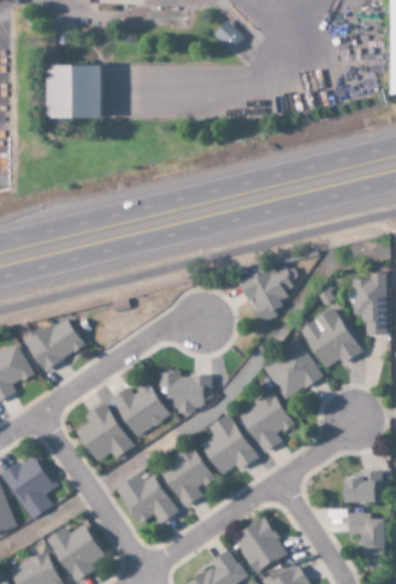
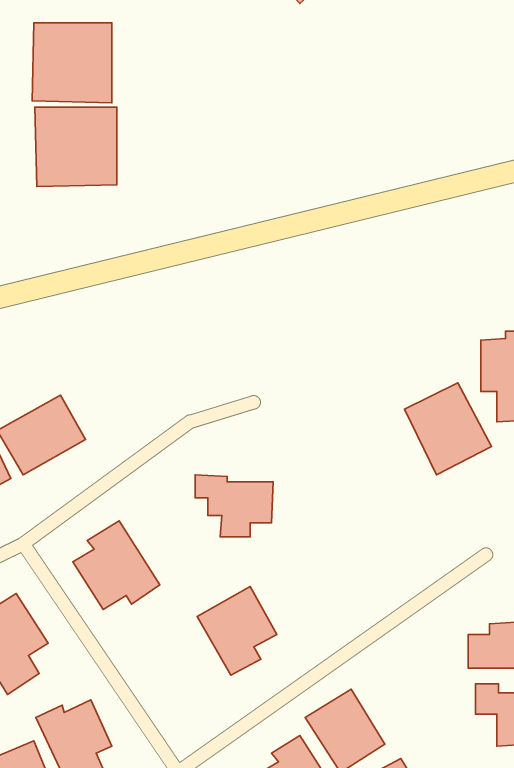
building: none -> [35,107,117,187]
building: [243,262,300,323] -> none
building: [261,340,323,400] -> none
building: [111,382,171,437] -> none
building: [240,393,294,453] -> none
building: [201,413,258,474] -> none
building: [116,473,179,525] -> none

